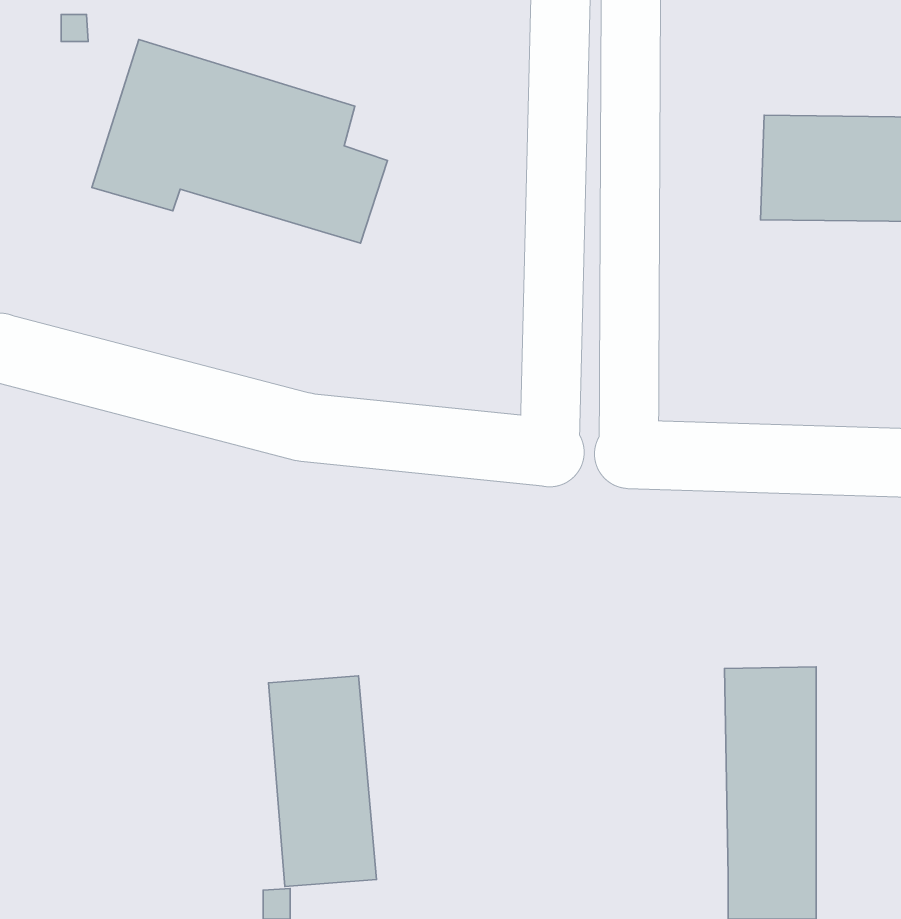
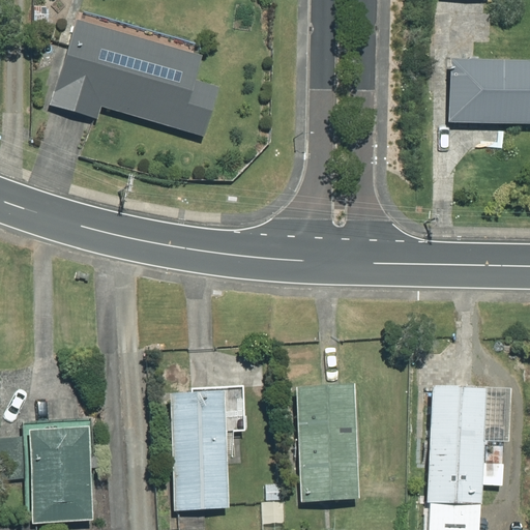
building: none -> [292,382,358,501]
building: none -> [45,424,108,520]

